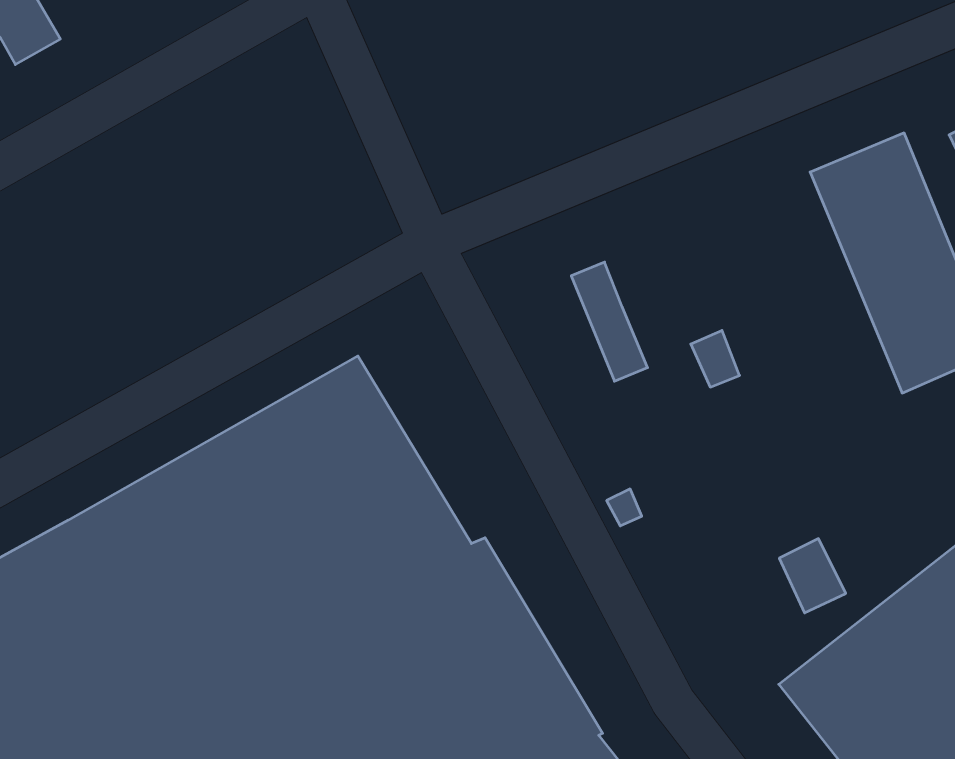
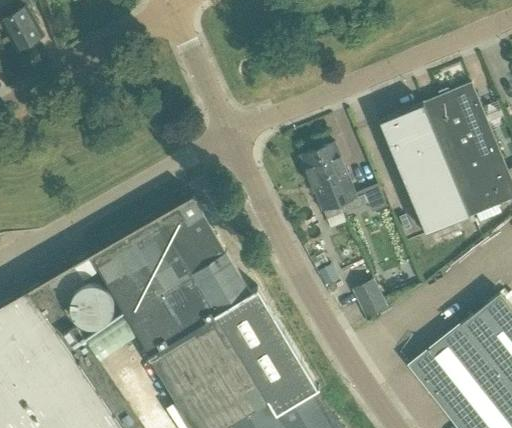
building: none -> [379,105,471,237]
building: none -> [319,144,357,205]
building: [779,539,846,613] -> [353,281,387,319]

